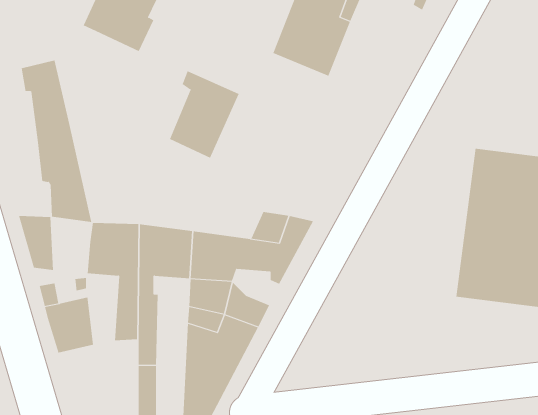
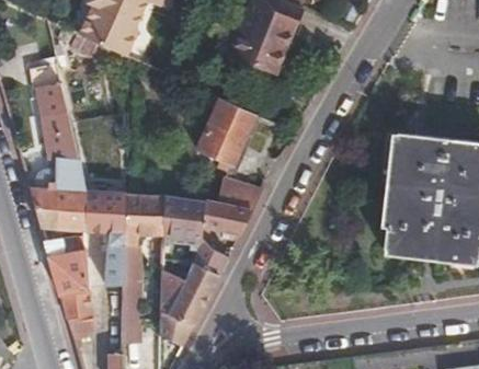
building: [169,70,239,159] -> [198,95,254,165]
building: none -> [55,187,88,232]
building: none -> [60,289,94,339]

